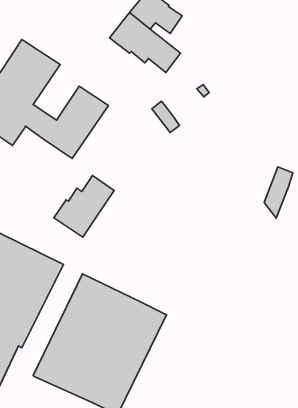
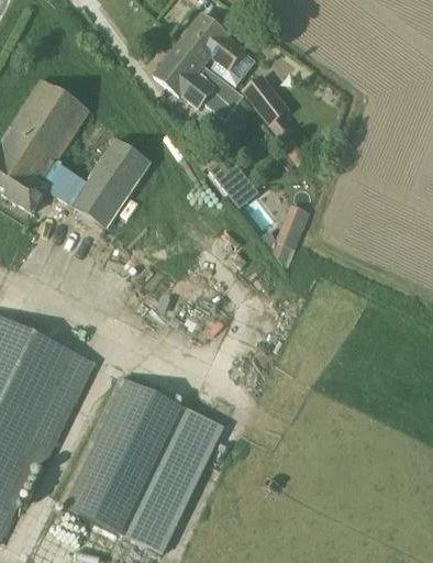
building: none -> [242,74,292,139]
building: [264,167,293,218] -> [273,203,309,268]
building: [54,176,114,237] -> none

